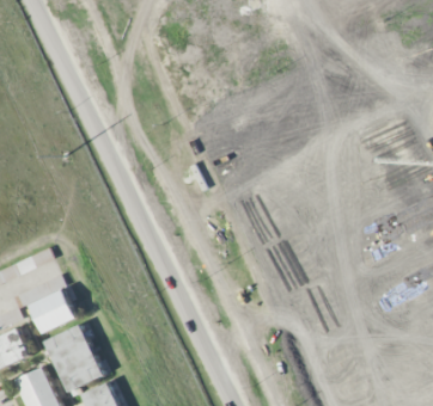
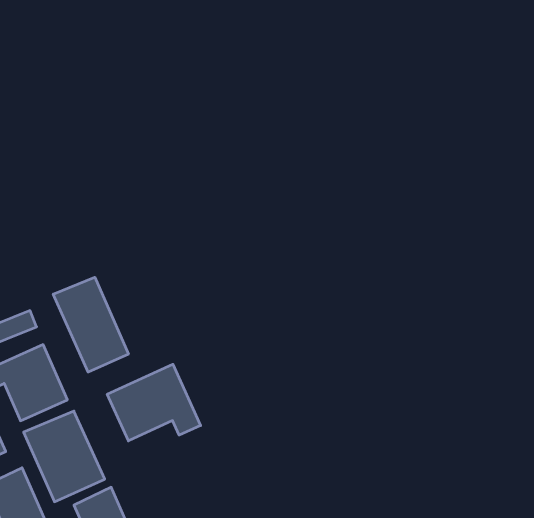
building: none -> [53,277,128,372]
building: none -> [107,364,201,441]

